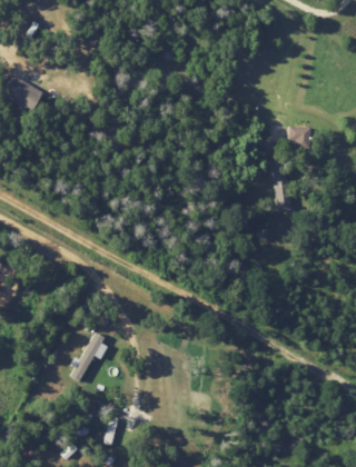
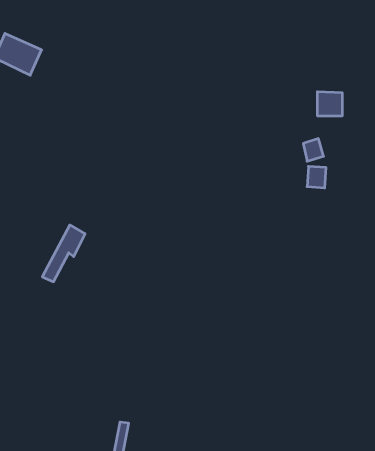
building: [71,331,109,381] -> [42,225,85,282]

